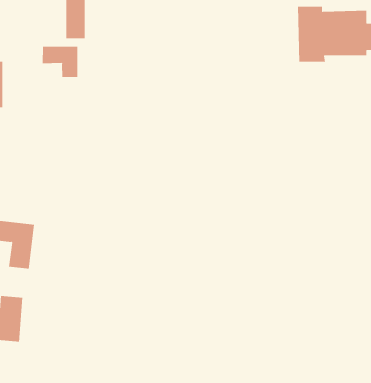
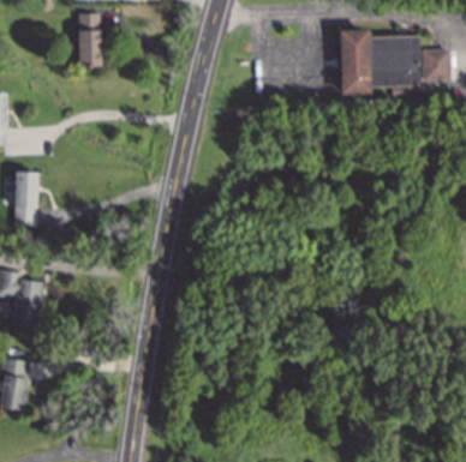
building: [42,46,78,78] -> none
building: none -> [16,172,37,226]

